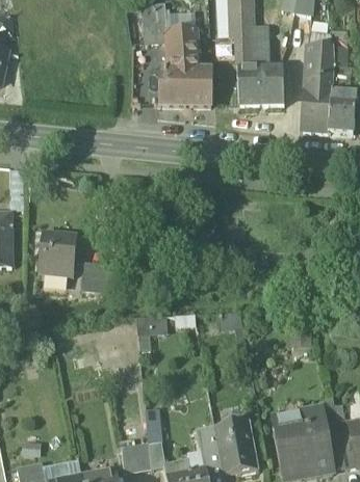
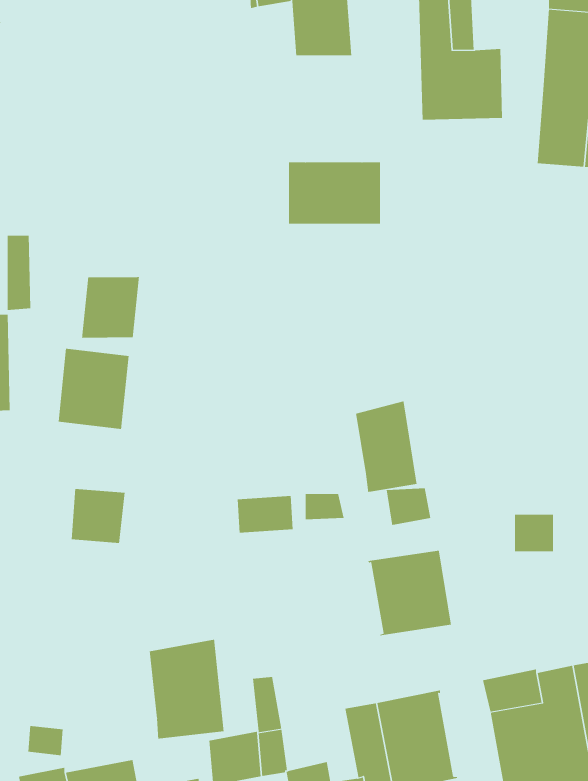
building: [159,70,210,104] -> [288,162,381,224]
building: none -> [81,276,139,339]
building: none -> [355,401,417,493]
building: [82,261,112,291] -> [71,489,125,543]
building: none -> [367,550,452,636]
building: none -> [149,639,224,739]

